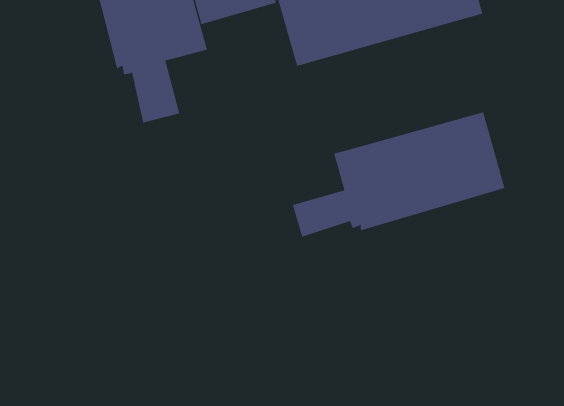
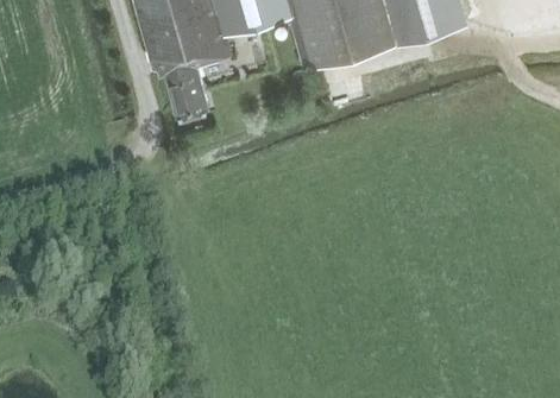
building: [292,112,505,237] -> none

